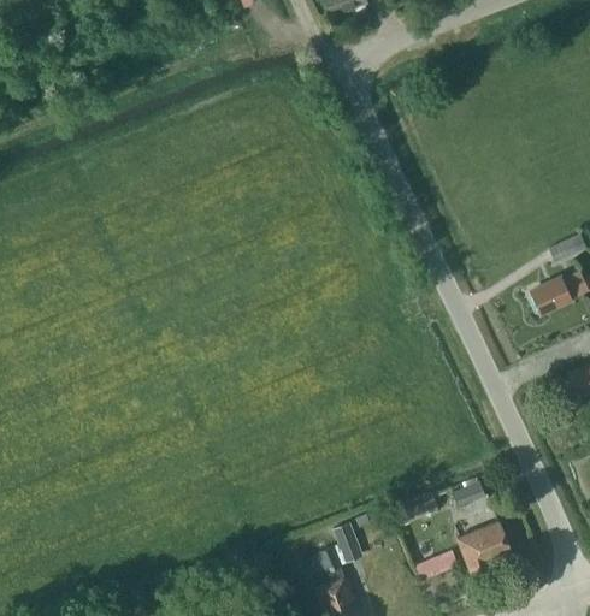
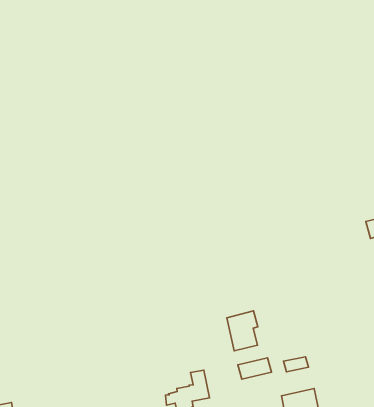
building: none -> [227,311,258,351]

